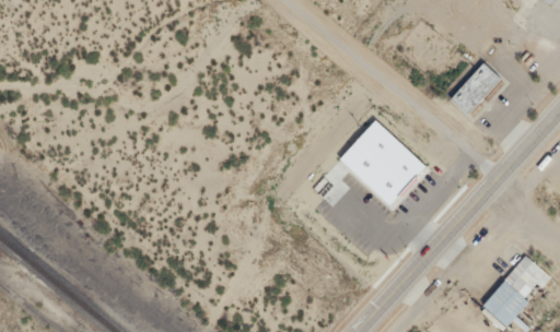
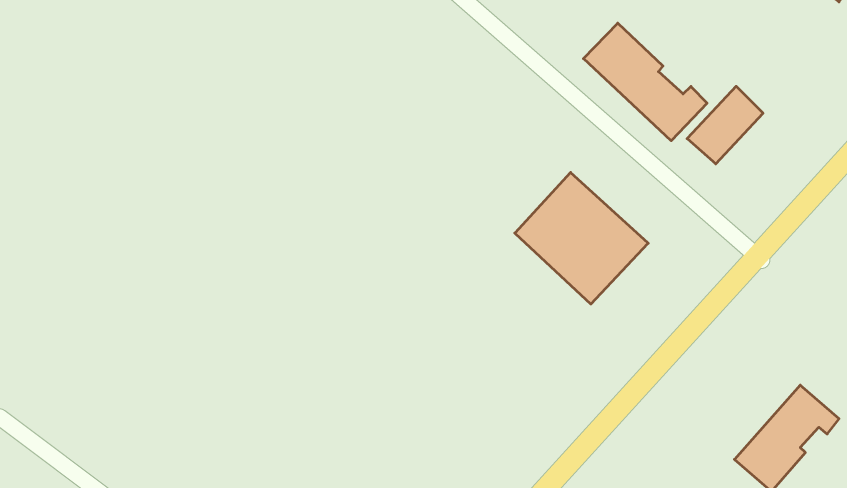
building: none -> [583,23,707,141]

